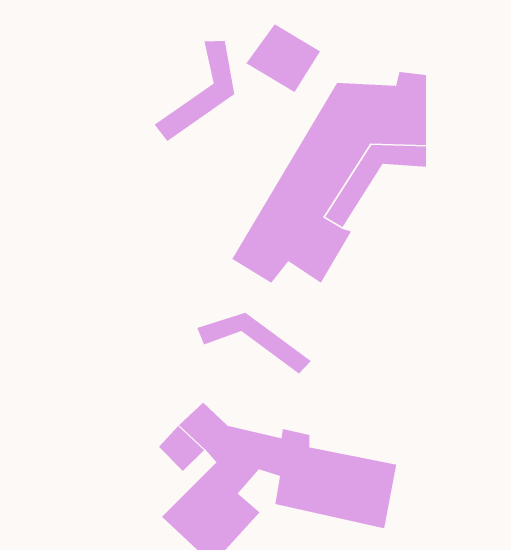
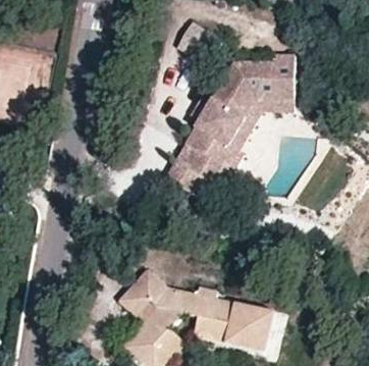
building: [154,40,235,142] -> none
building: [196,312,312,375] -> none

